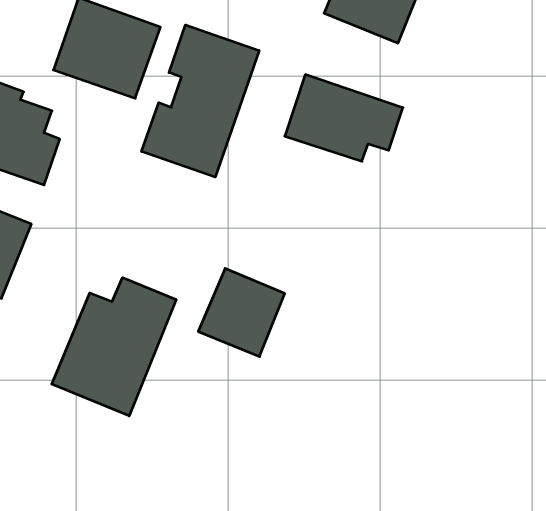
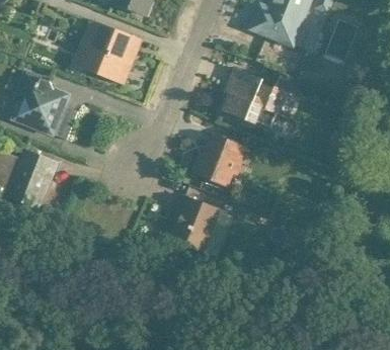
building: [142,25,259,177] -> none
building: none -> [193,134,250,189]
building: [52,278,176,416] -> none

